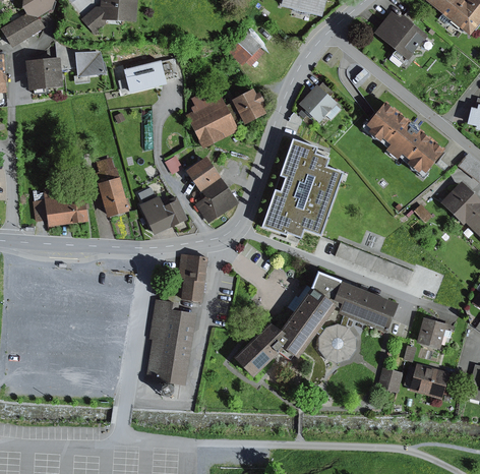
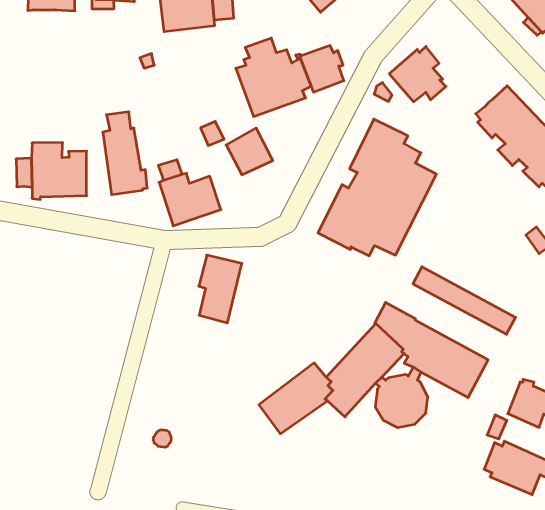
building: [195,178,238,223] -> none
building: [146,298,197,384] -> none
building: [378,367,404,393] -> none

